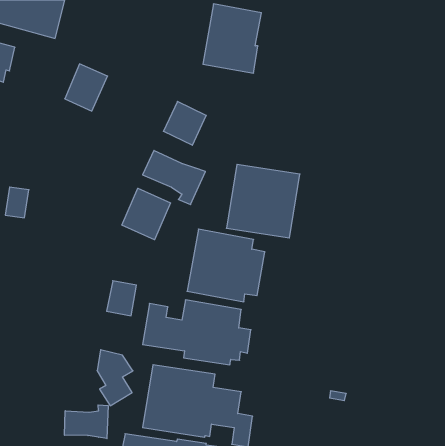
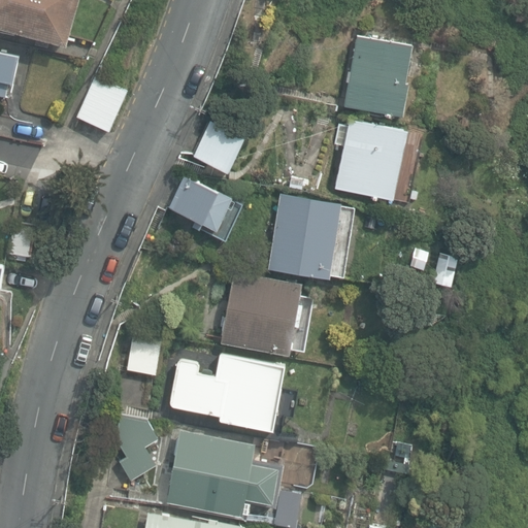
building: [203,4,261,73] -> [341,35,410,117]
building: none -> [334,119,405,200]
building: [122,188,171,240] -> none
building: [65,405,108,439] -> none

